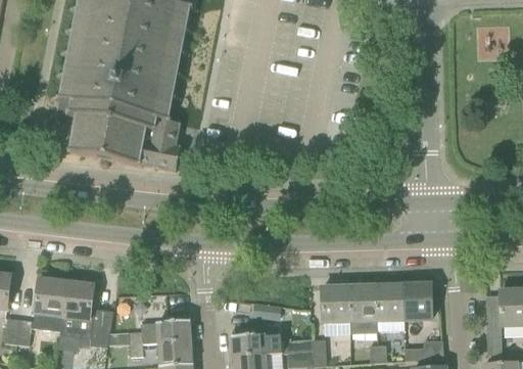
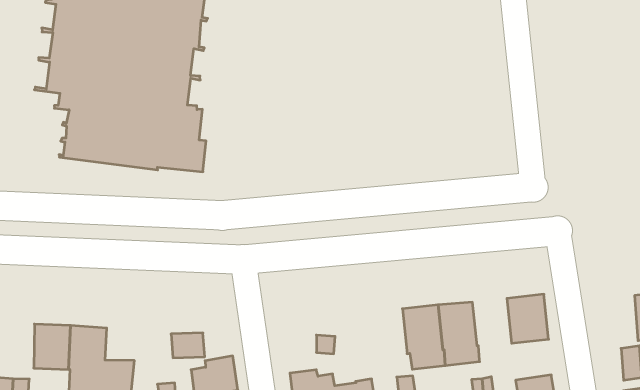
building: [375,285,403,331] -> none

